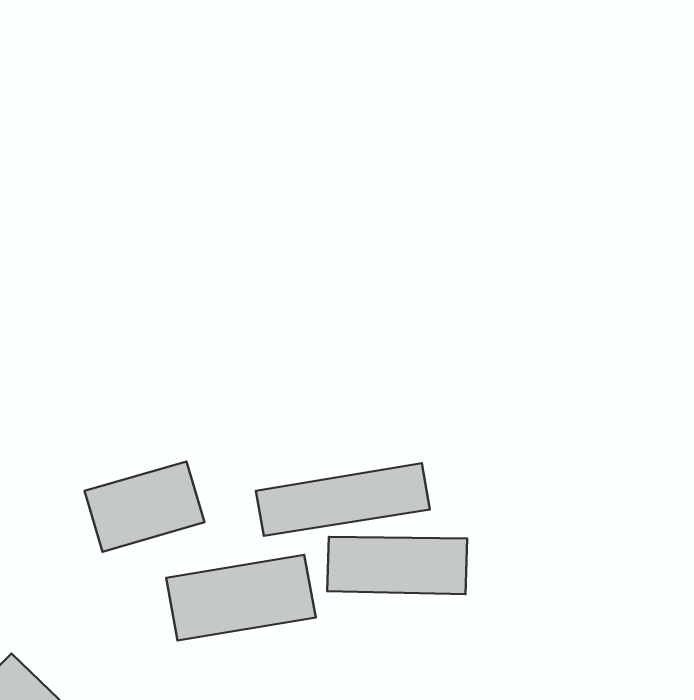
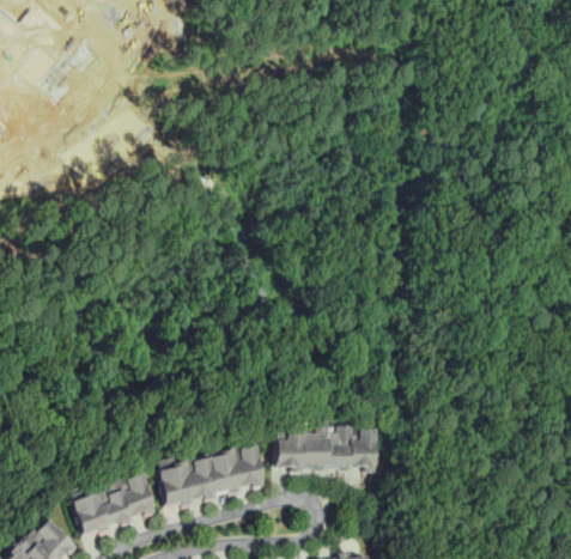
building: [84,461,205,552] -> [71,470,158,536]
building: [256,463,430,536] -> none

